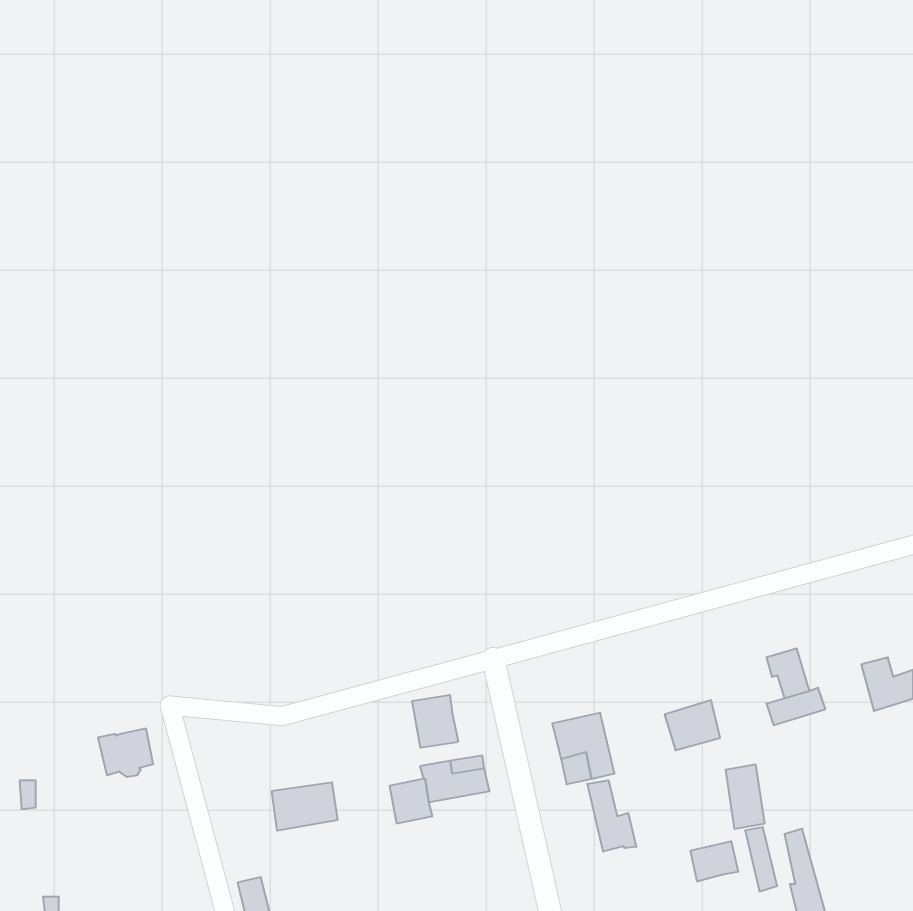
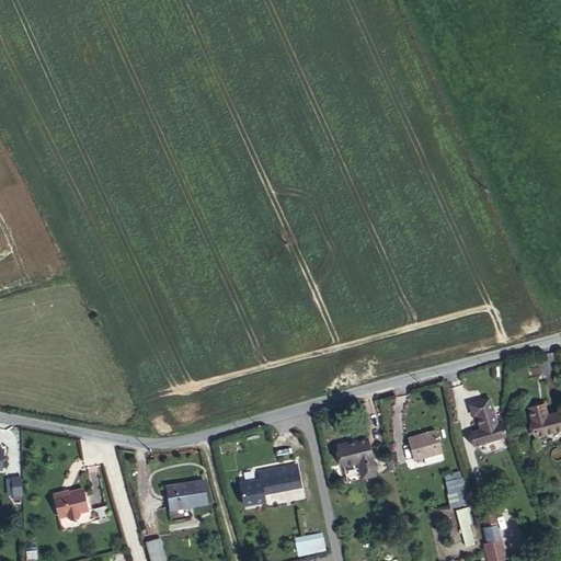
building: [412,695,458,748] -> none
building: [98,729,153,777] -> [54,490,88,519]
building: [587,780,636,852] -> none
building: [690,841,738,882] -> none
building: none -> [295,534,325,556]

